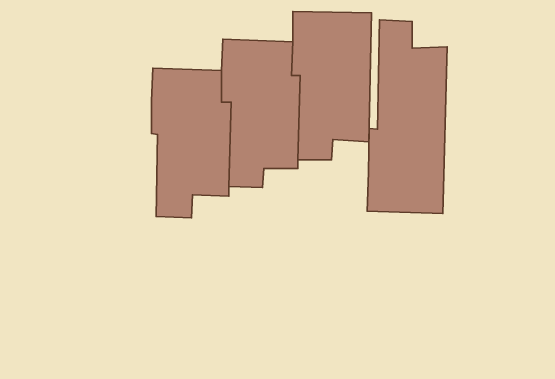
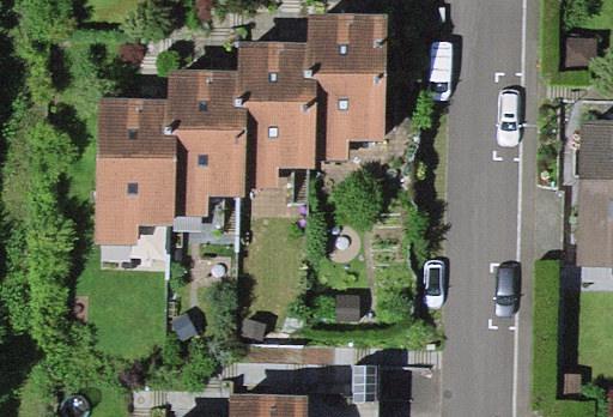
building: [367,20,447,214] -> none
building: none -> [97,98,176,244]

